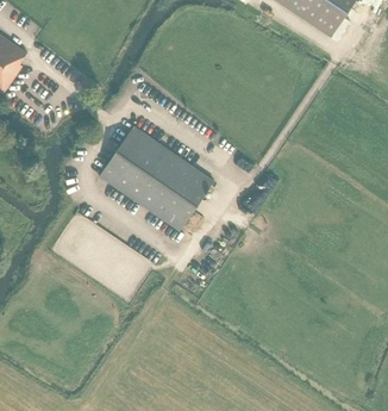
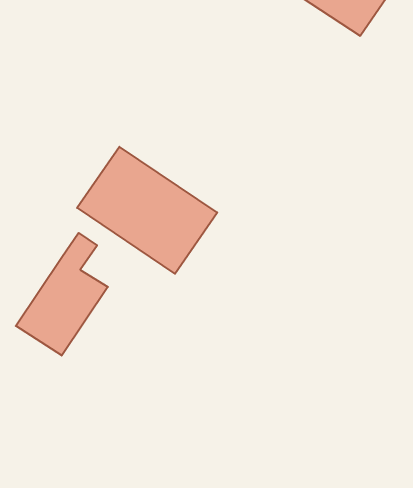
building: none -> [16,233,108,356]

